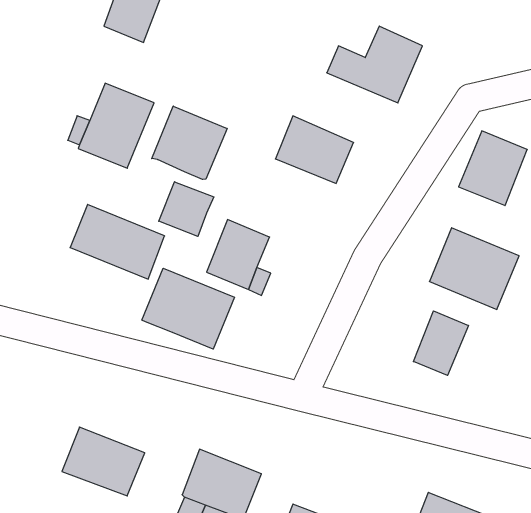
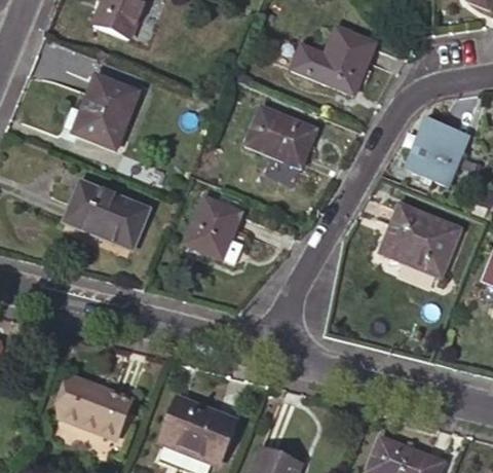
building: [152,106,227,179] -> none
building: [159,182,214,236] -> none
building: [142,268,235,349] -> none
building: [413,311,468,375] -> none

